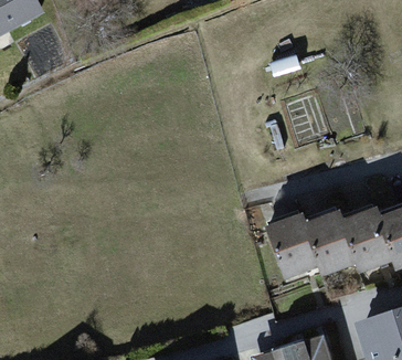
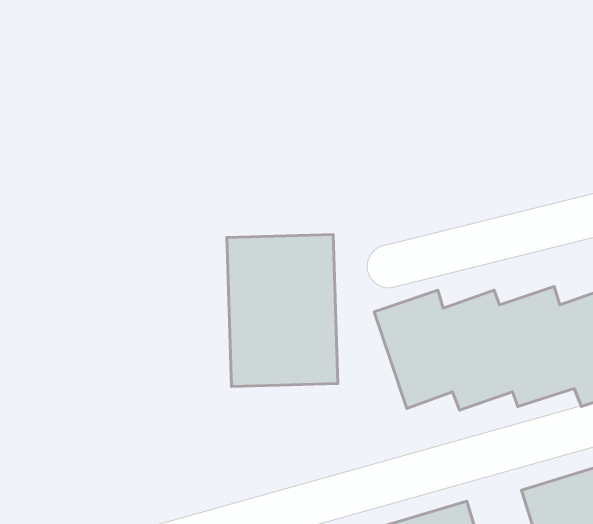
building: none -> [227,235,338,387]

